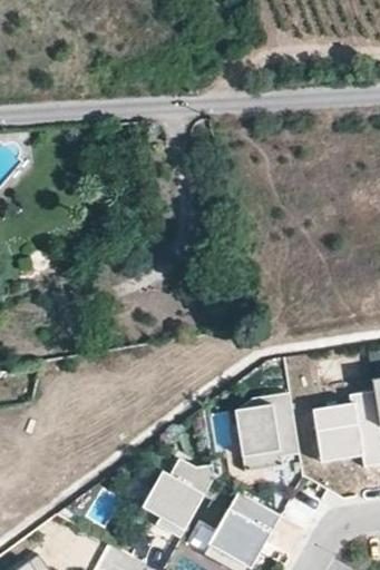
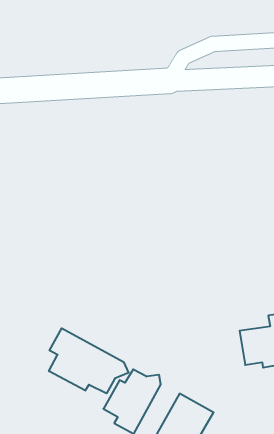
building: [235,391,301,470] -> none
building: none -> [49,328,129,393]

